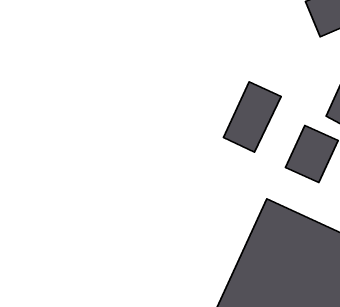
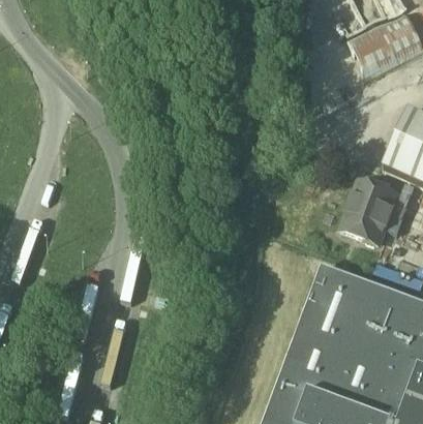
building: [224,82,281,152] -> none

